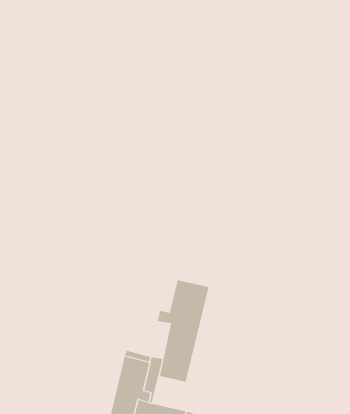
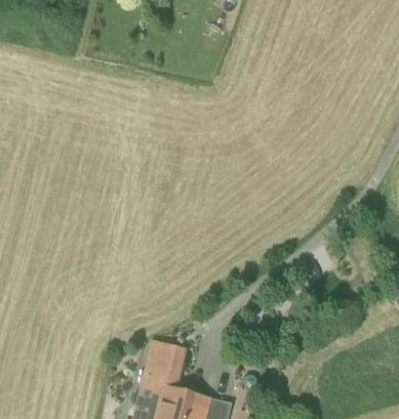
building: [157,279,209,383] -> none

